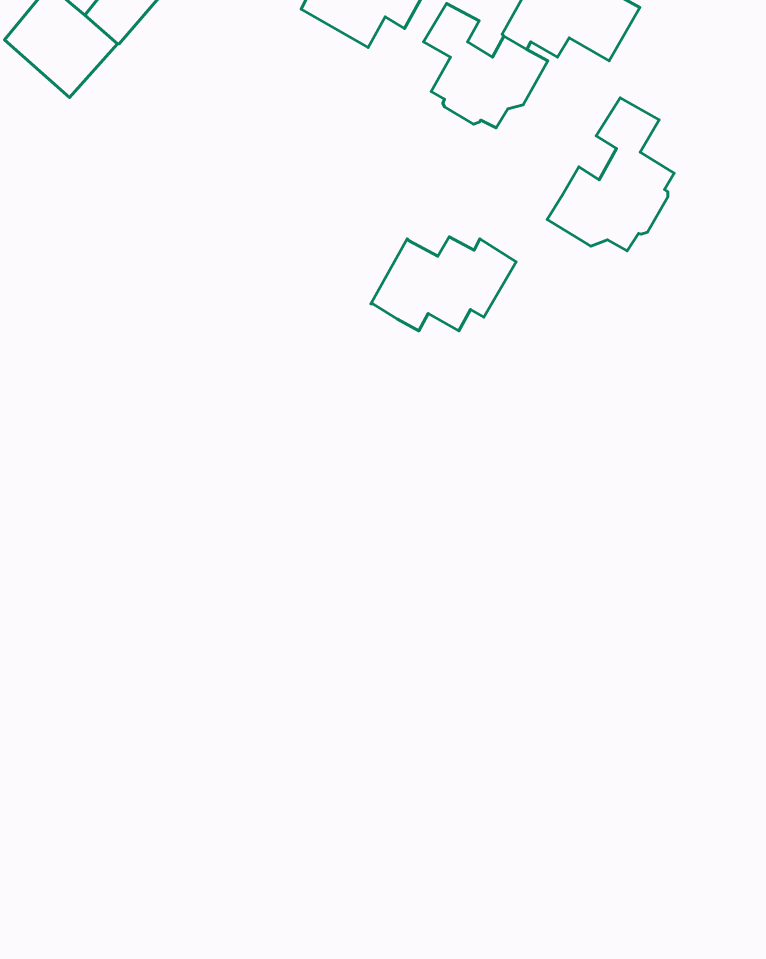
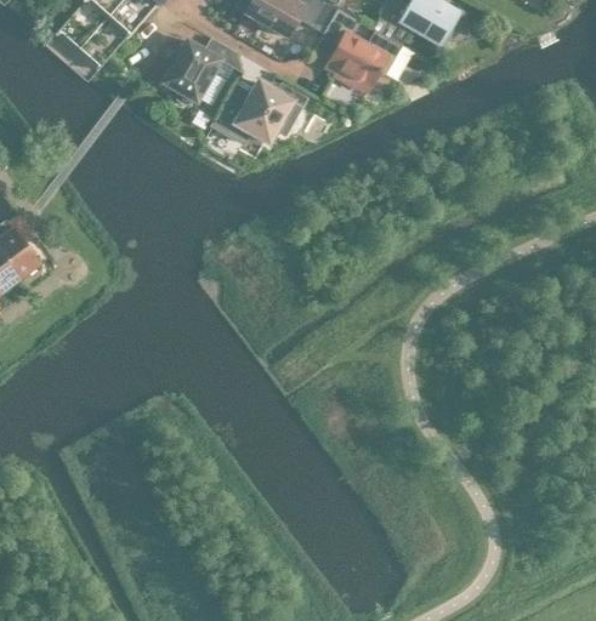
building: none -> [163,38,242,104]
building: [547,98,674,251] -> none
building: [371,237,516,331] -> [212,84,305,143]

